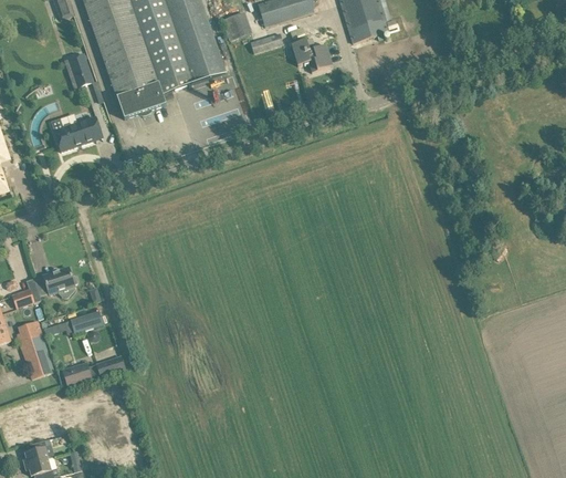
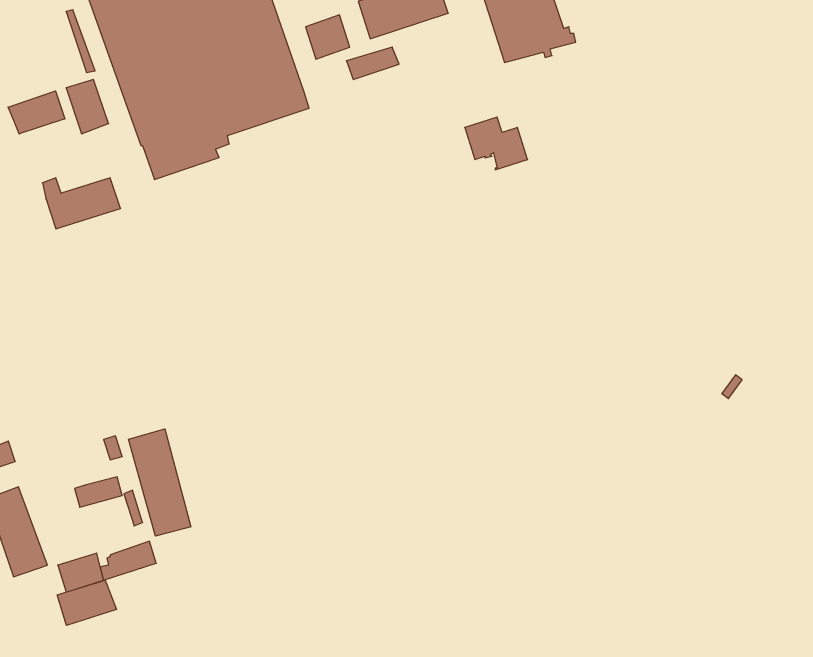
building: [291,37,332,71] -> [465,117,528,170]
building: none -> [8,91,65,134]
building: [42,266,76,292] -> none
building: none -> [128,429,191,536]
building: none -> [57,580,117,625]

